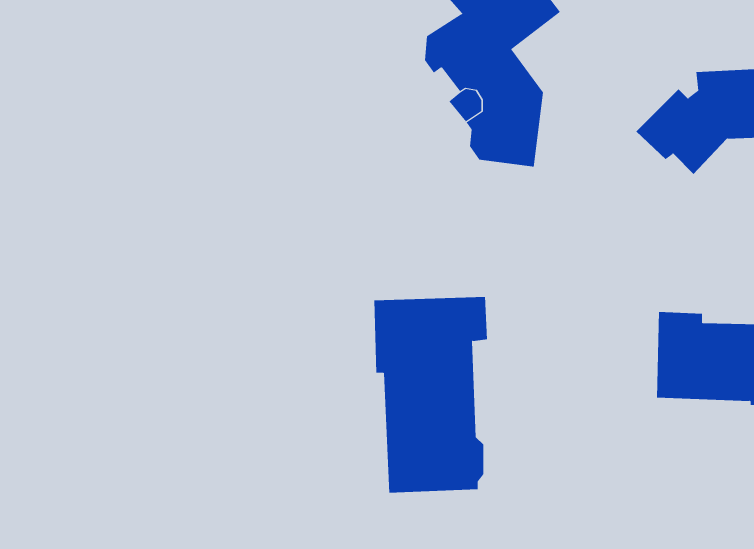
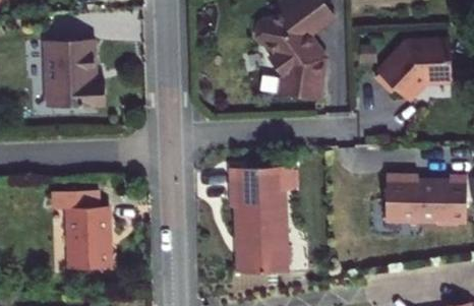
building: none -> [47,44,109,111]
building: none -> [56,196,115,272]

